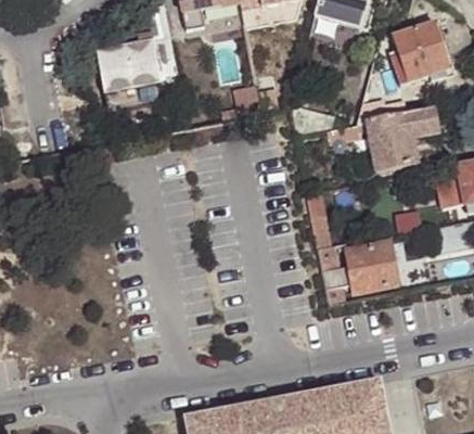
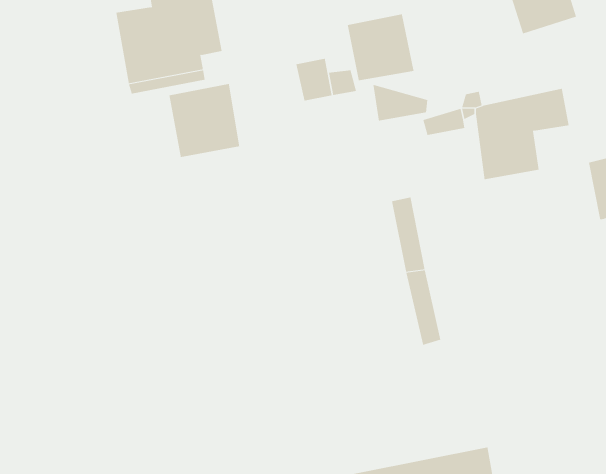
building: none -> [347,14,414,81]
building: none -> [169,83,240,158]
building: [343,237,400,294] -> none

